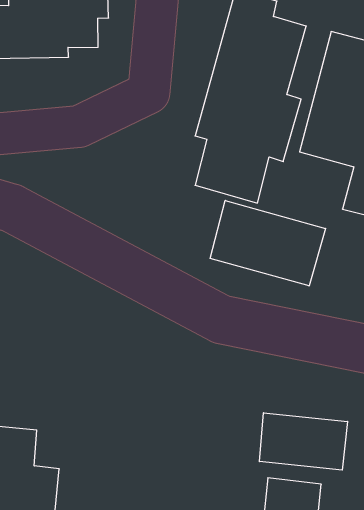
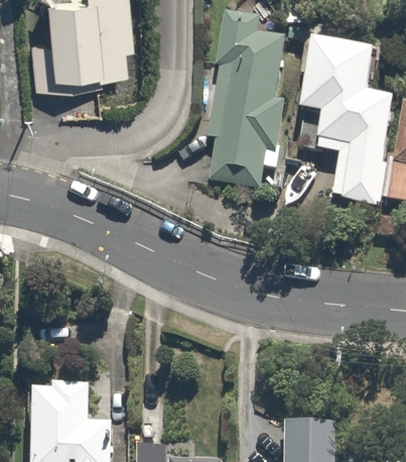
building: [210,200,326,286] -> none
building: [259,413,348,470] -> none

